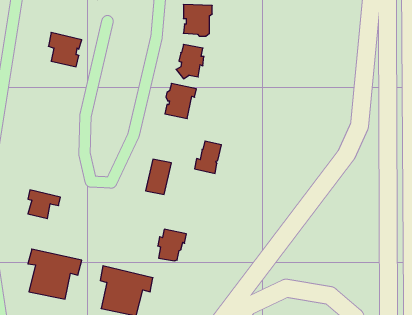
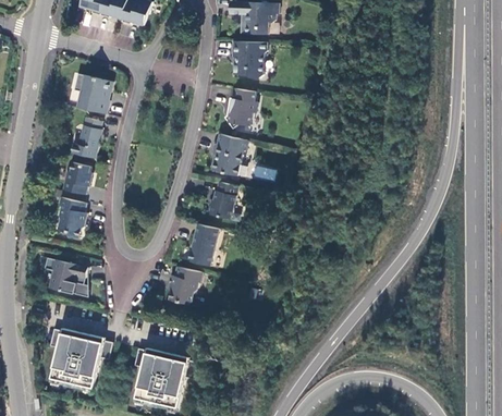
building: none -> [77,118,101,150]
building: none -> [62,162,90,195]
building: none -> [58,197,86,238]
building: [195,141,221,173] -> [206,181,237,219]
building: [158,229,186,261] -> [168,266,201,303]

